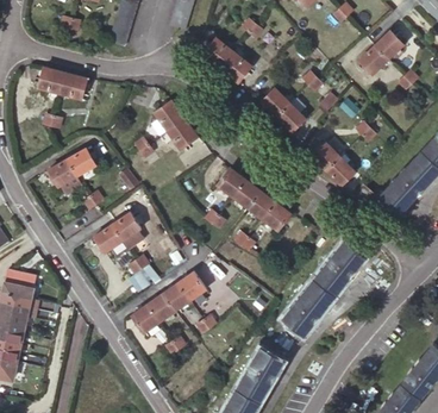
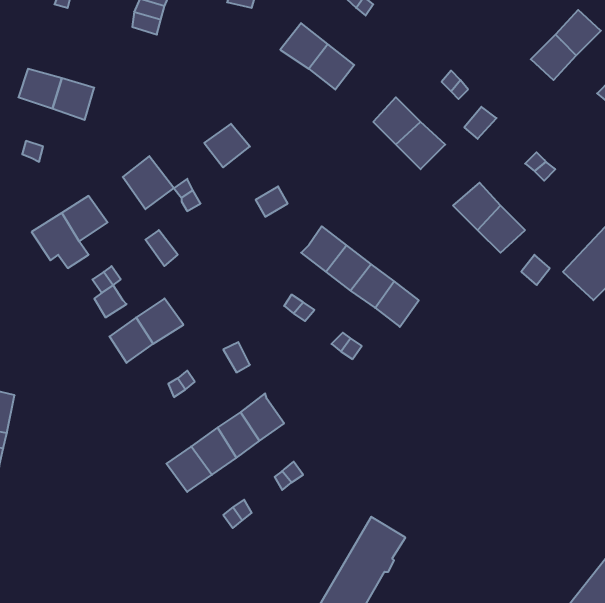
building: [167,118,199,151] -> [123,156,174,209]
building: [282,242,363,334] -> none

